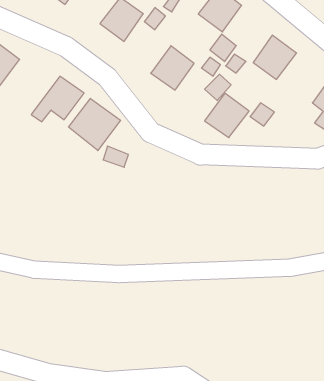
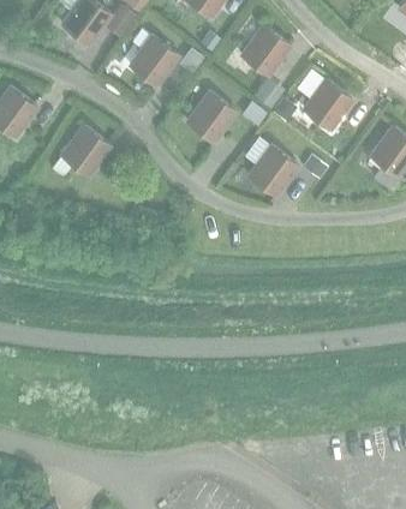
building: [69,98,121,151] -> none

